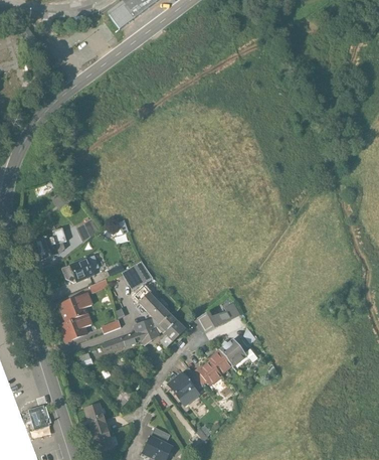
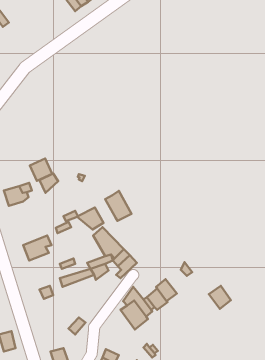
building: none -> [105,191,132,221]
building: [67,257,93,283] -> [30,159,52,181]
building: [198,303,239,333] -> none
building: [56,314,90,344] -> none
building: [224,335,250,362] -> [209,286,231,309]
building: [82,405,104,431] -> none

